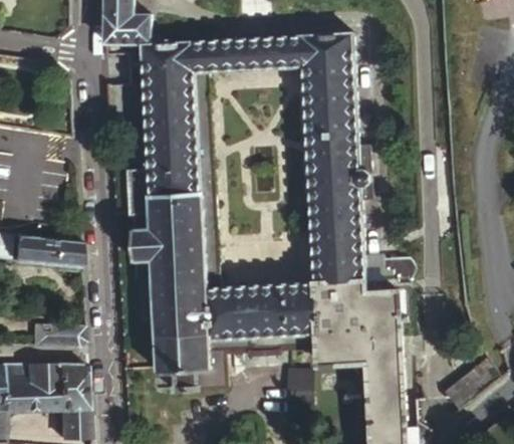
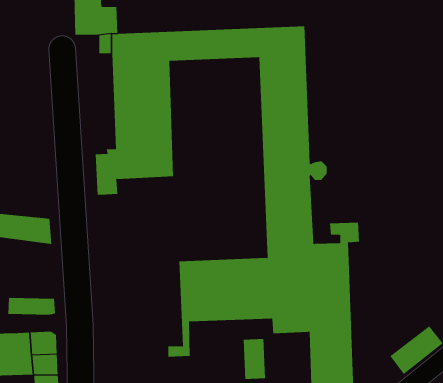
building: [131,196,219,398] -> none

